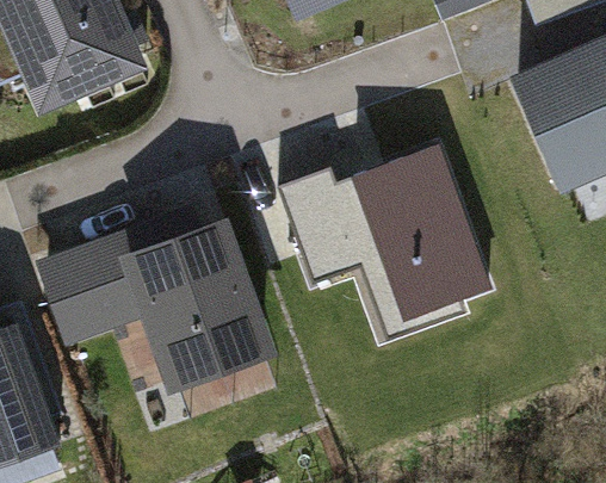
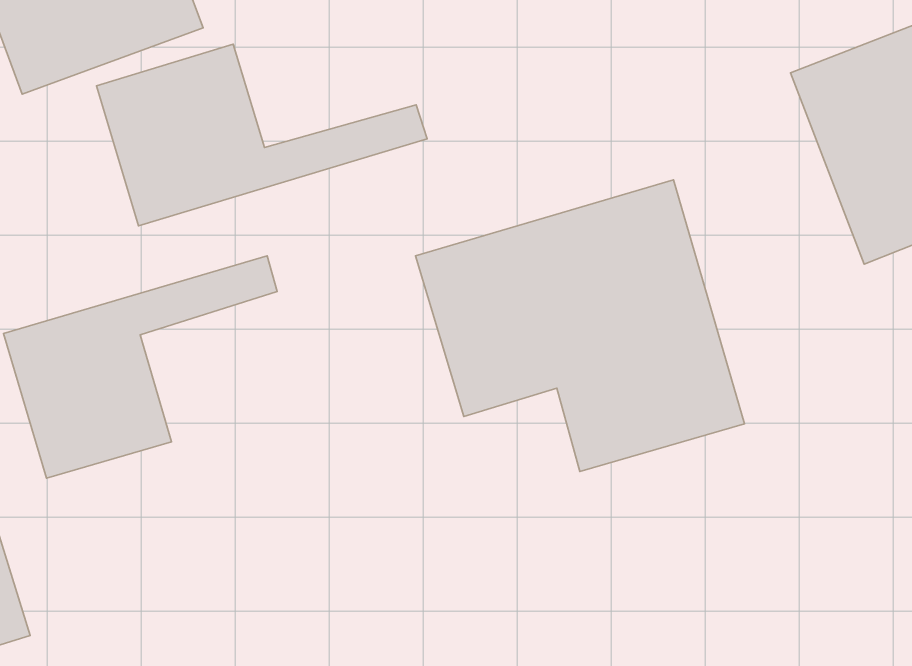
building: none -> [97,44,427,226]
building: [119,217,279,395] -> none

